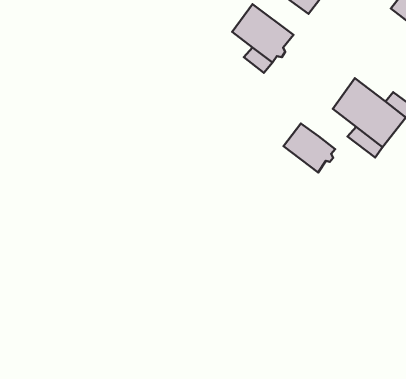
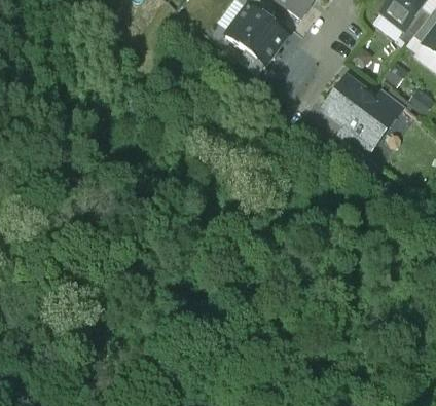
building: [283,124,335,172] -> none

